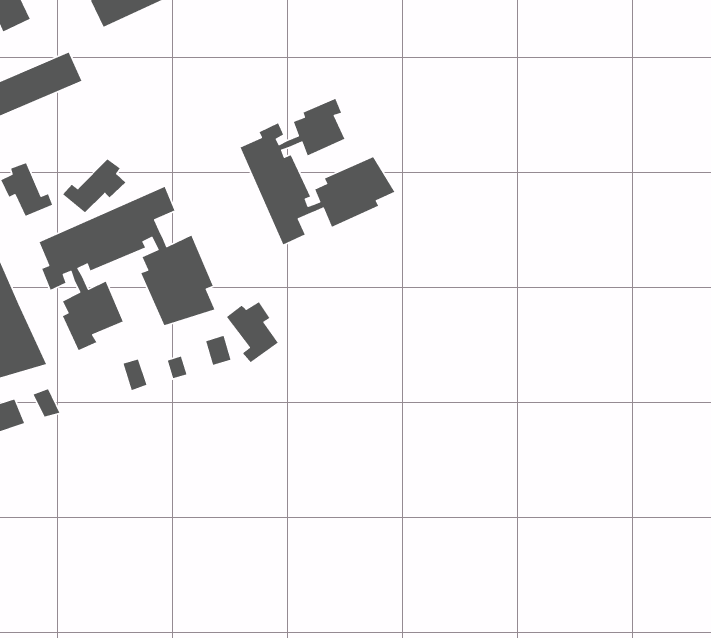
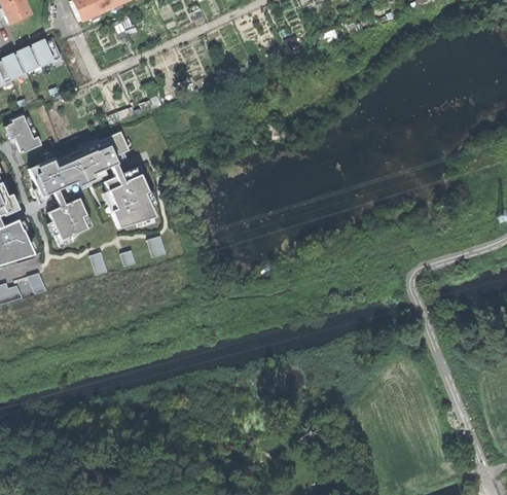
building: [239,98,395,245] -> none
building: [62,158,126,213] -> none
building: [226,301,279,363] -> none

